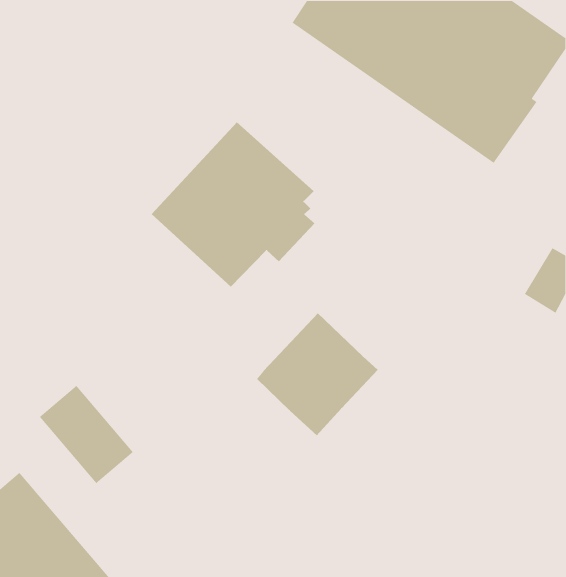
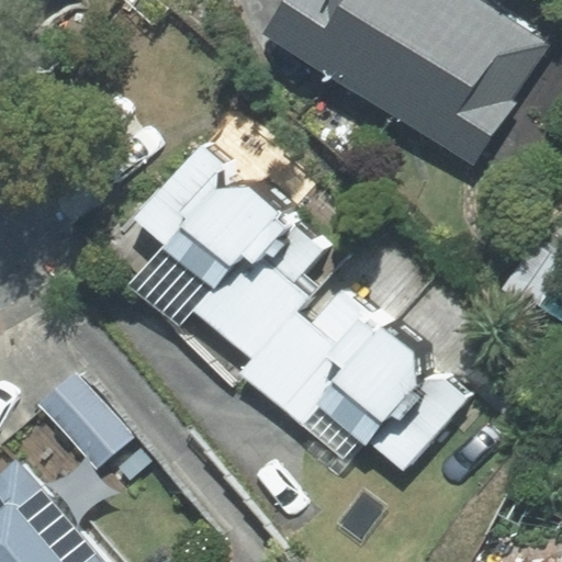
building: none -> [196,248,312,363]
building: none -> [328,312,448,445]

